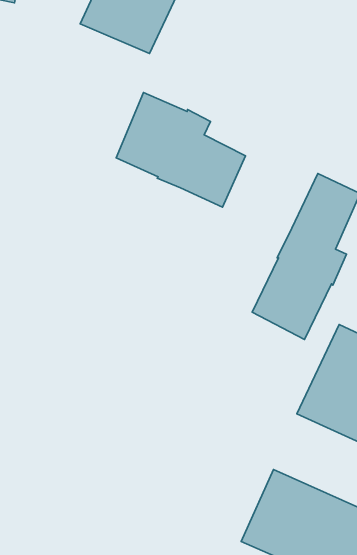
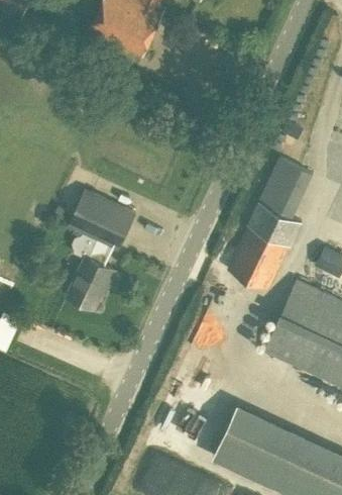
building: [116,93,246,207] -> none
building: none -> [66,189,135,309]

